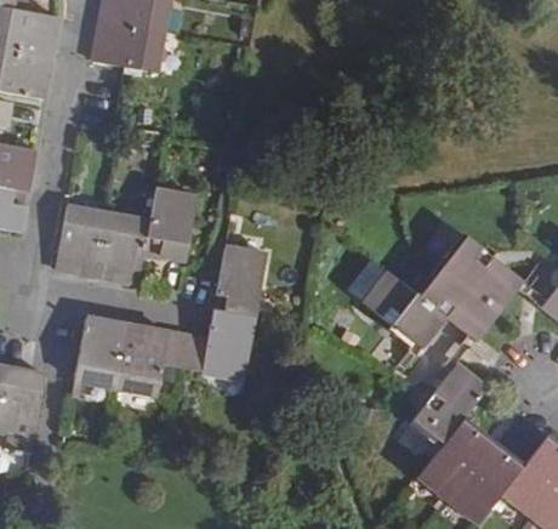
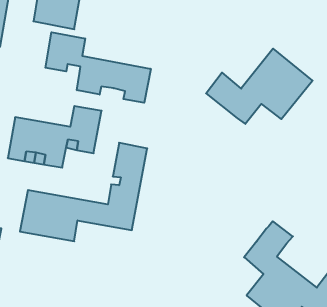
building: none -> [45,32,151,103]
building: [360,233,522,347] -> [206,49,313,124]

